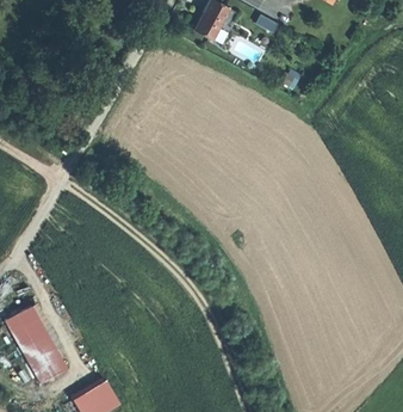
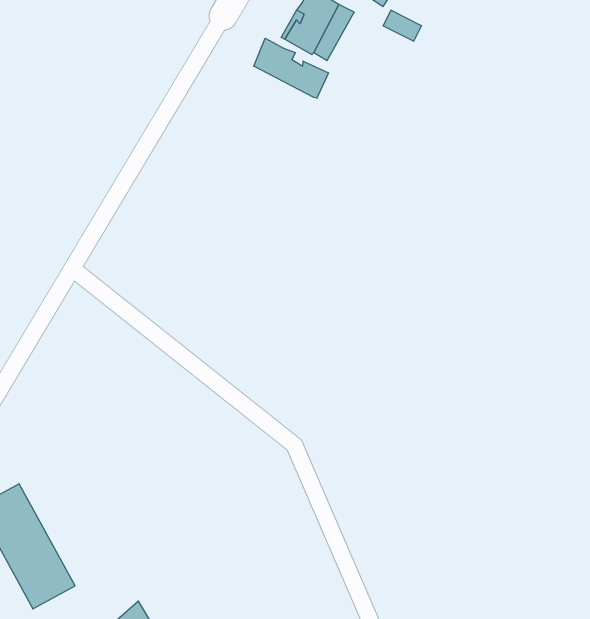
building: none -> [254,38,328,98]

